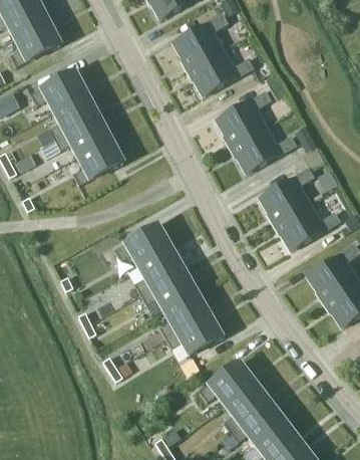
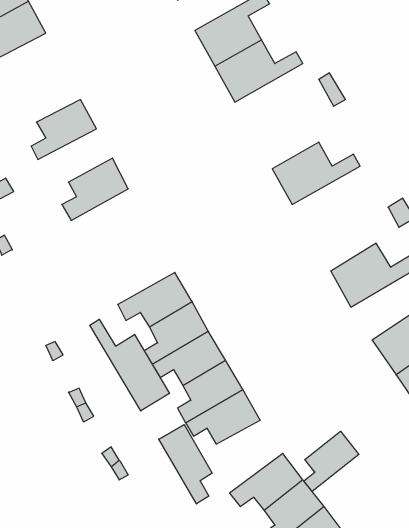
building: [31,70,87,110] -> none
building: [216,89,273,146] -> none
building: [55,116,111,156] -> none
building: [260,167,315,223] -> none
building: none -> [90,319,170,411]
building: none -> [159,425,212,504]
building: none -> [304,431,359,492]

